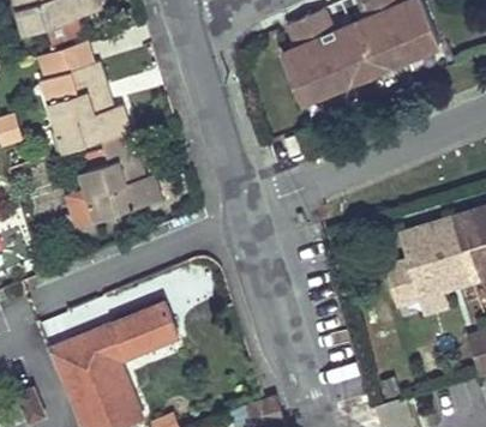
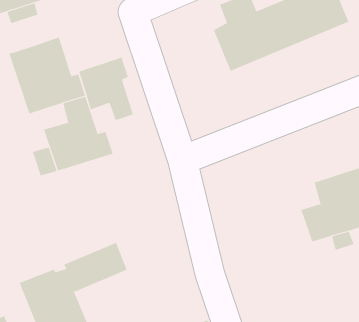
building: [37,42,95,82] -> none
building: none -> [79,57,134,121]

